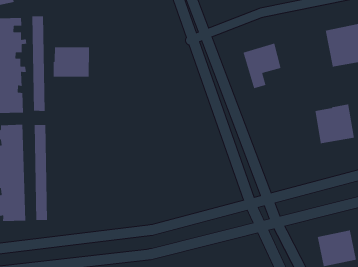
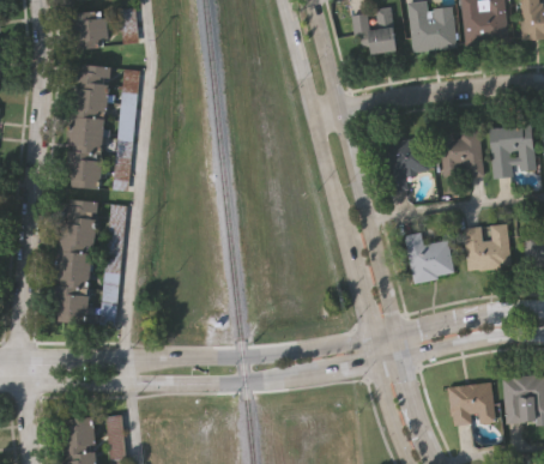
building: none -> [437,129,483,176]
building: [53,46,90,77] -> none
building: none -> [404,231,454,282]

